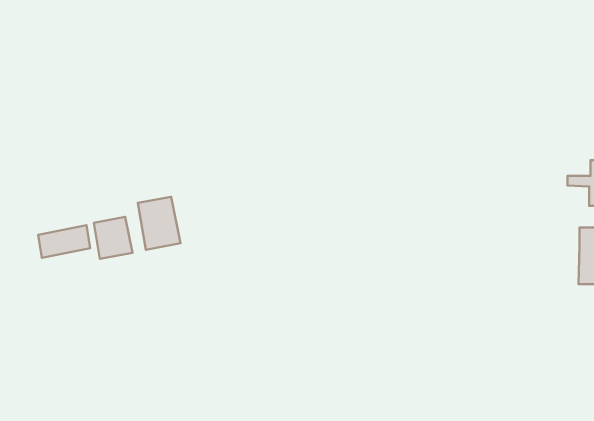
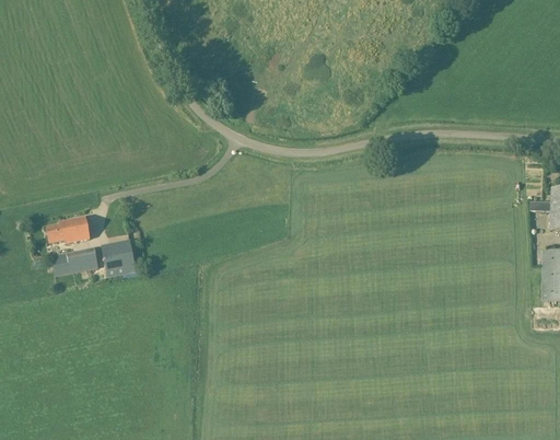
building: none -> [46,216,90,244]
building: [138,197,180,250] -> none

